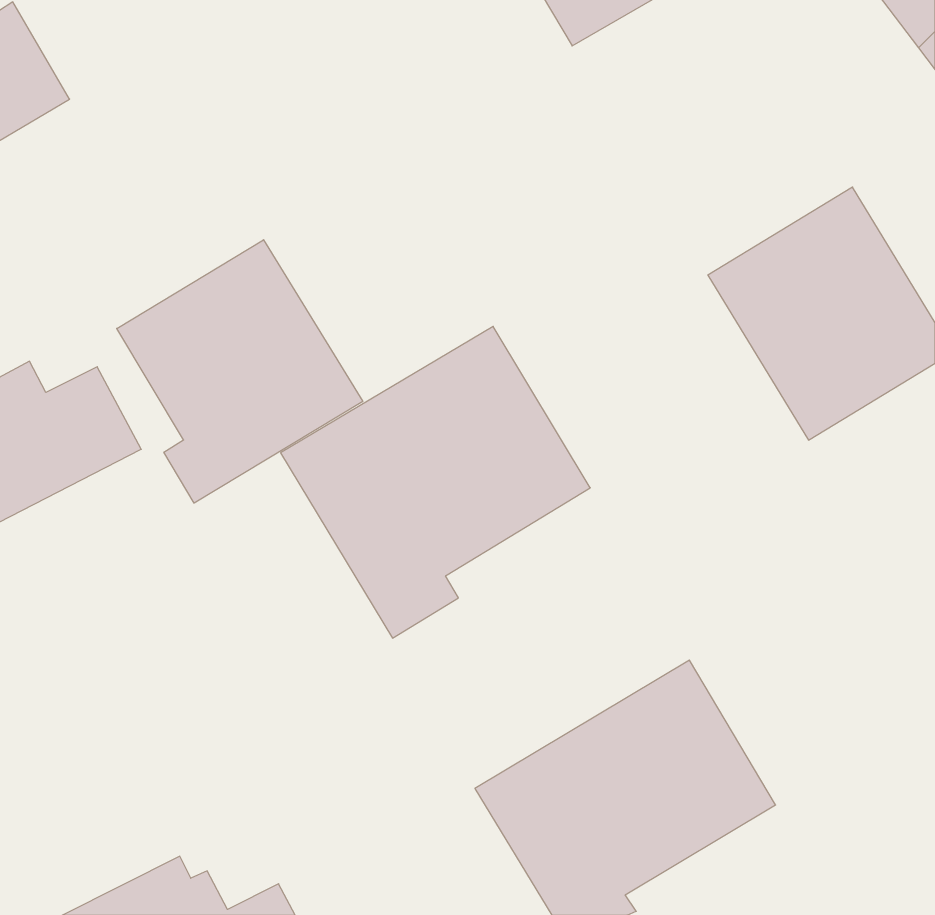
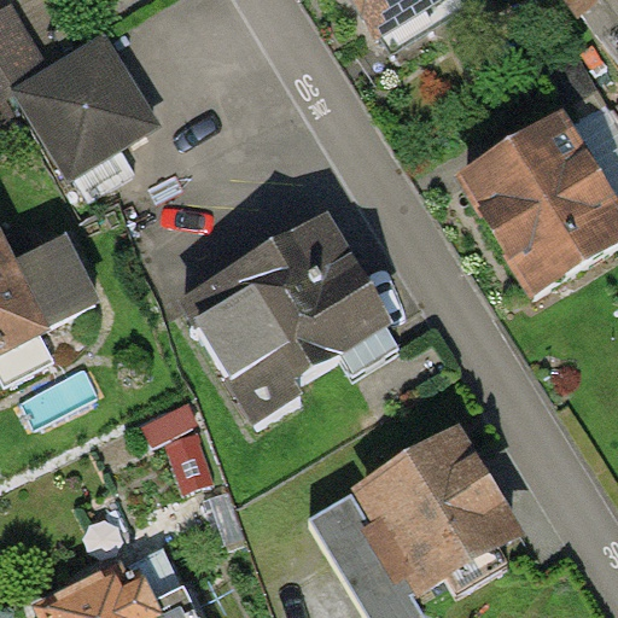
building: none -> [19,39,152,170]
building: [117,240,363,503] -> none

